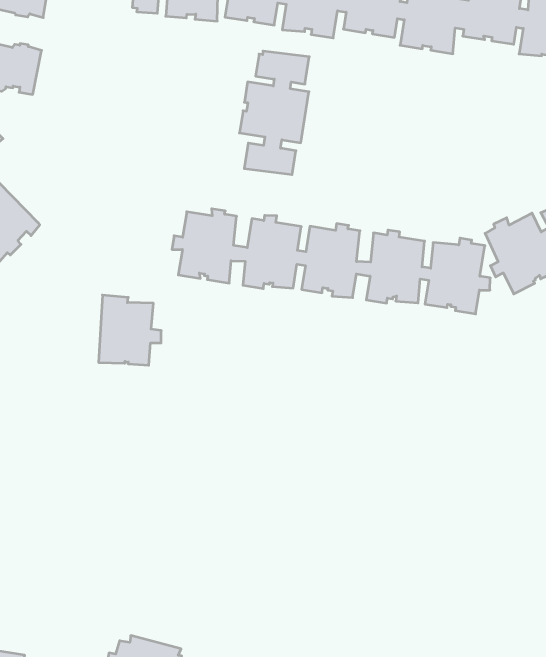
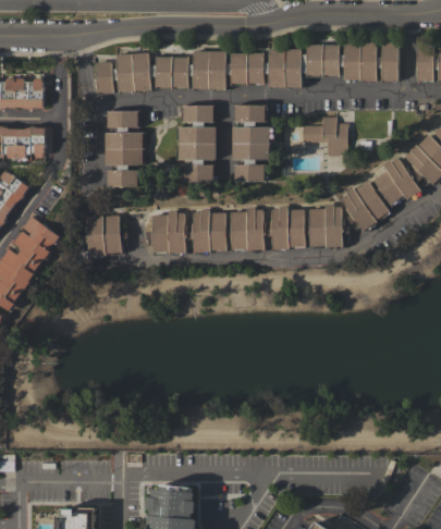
building: none -> [105,111,145,187]
building: none -> [232,106,272,182]
building: none -> [302,116,348,156]
building: [99,295,161,365] -> [85,213,126,257]

